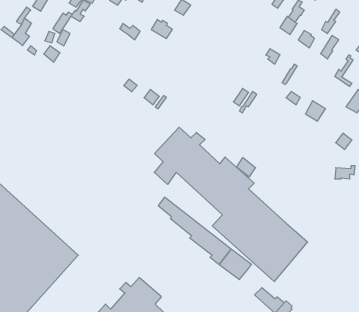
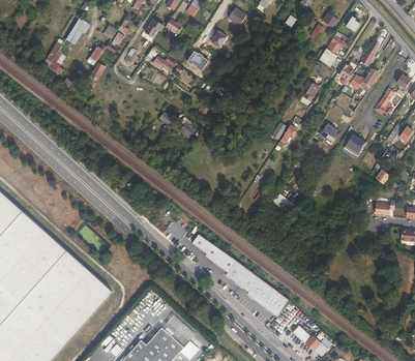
building: [154,127,308,282] -> none

